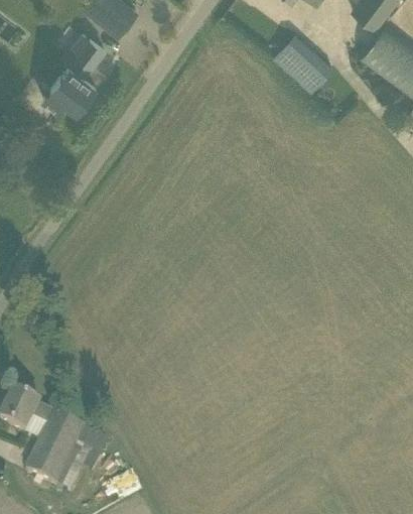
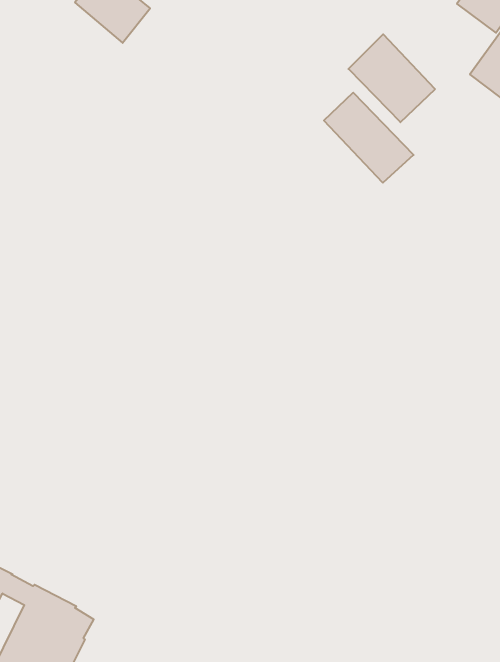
building: [41,30,103,105] -> none
building: none -> [324,93,414,183]

